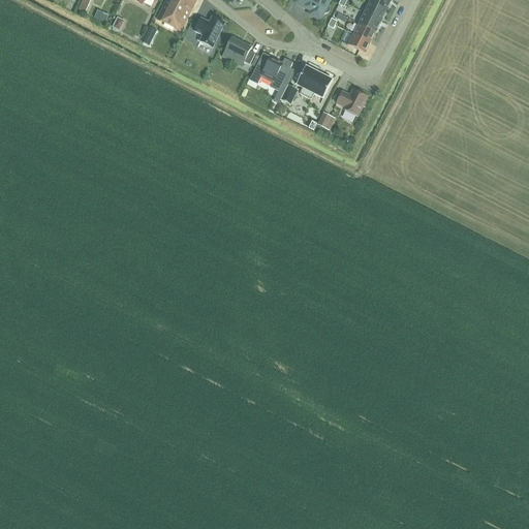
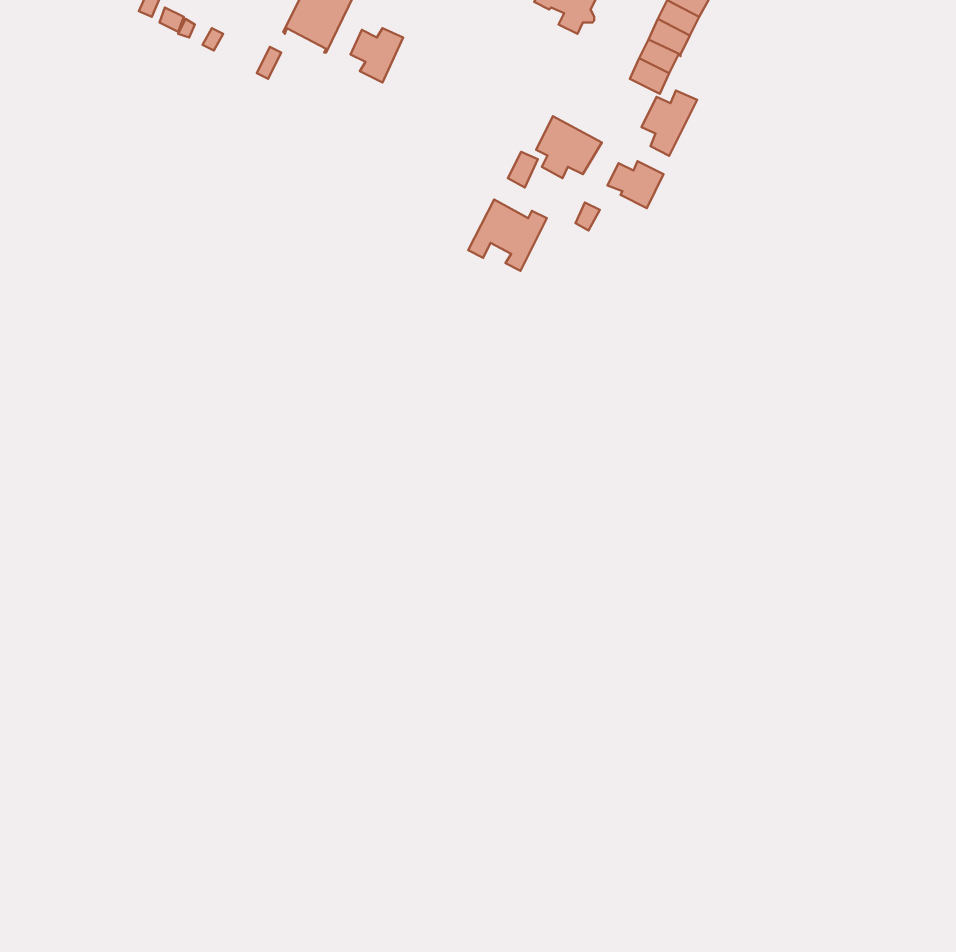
building: [223,35,254,63] -> none
building: none -> [641,90,697,156]
building: [248,51,291,90] -> [468,200,547,271]

